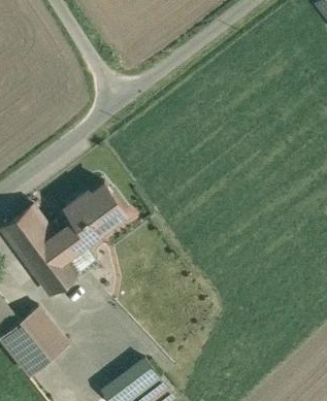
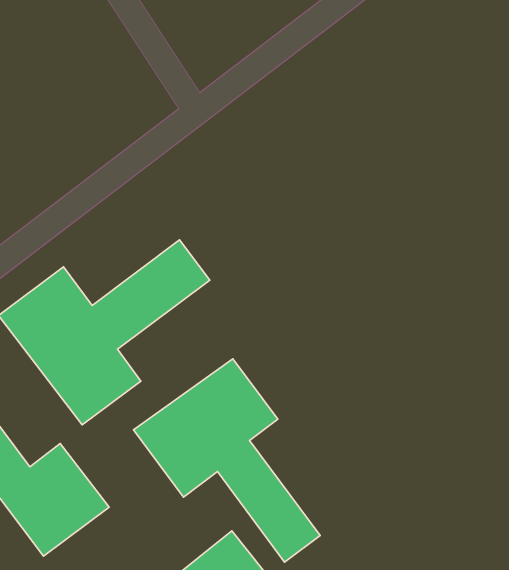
building: none -> [133,359,320,562]

